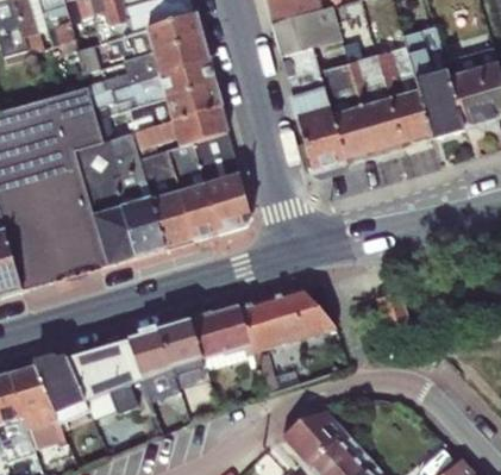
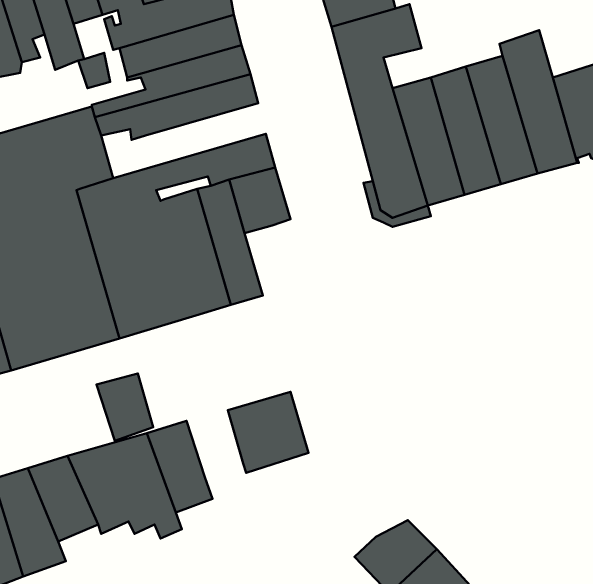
building: [124,82,218,132] -> none
building: [201,173,249,232] -> none
building: [237,288,333,392] -> none
building: [156,321,200,374] -> [97,374,153,441]

